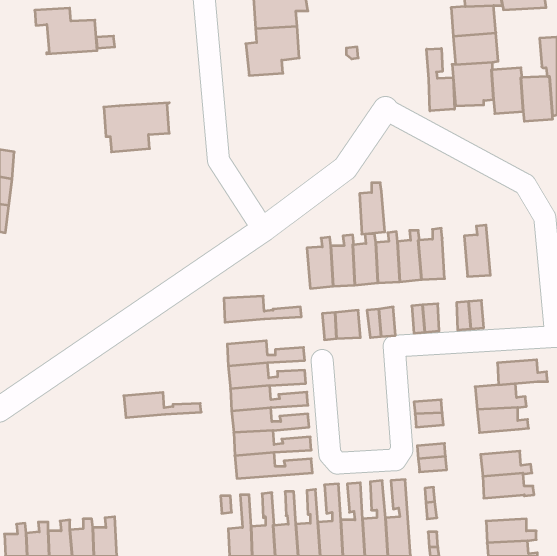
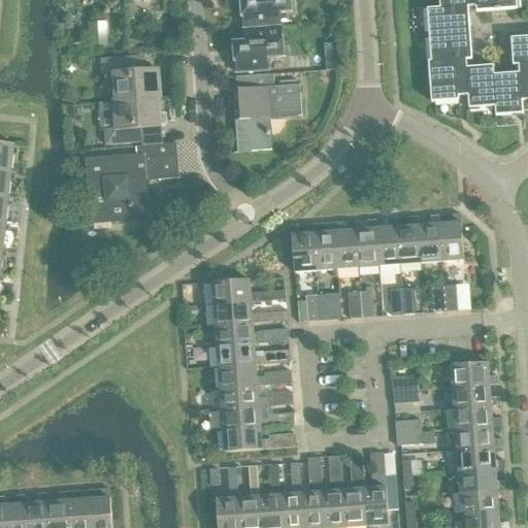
building: [35,8,97,54] -> [101,57,160,100]
building: [427,48,454,111] -> none
building: none -> [233,73,300,151]
building: none -> [87,142,178,220]
building: [360,183,385,234] -> [418,214,441,263]
building: [497,360,548,385] -> [453,405,500,429]
building: [124,392,201,418] -> [212,301,286,325]
building: none -> [457,467,505,492]

